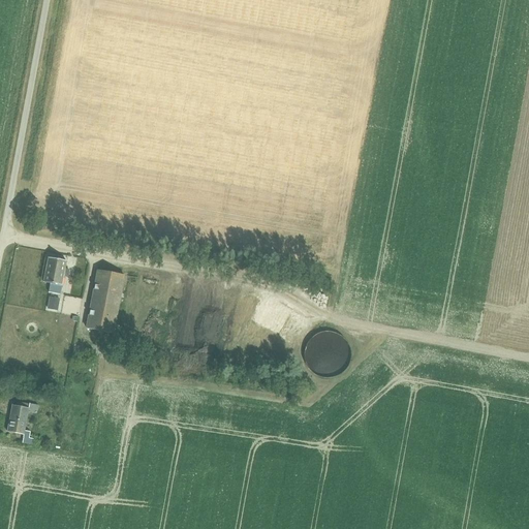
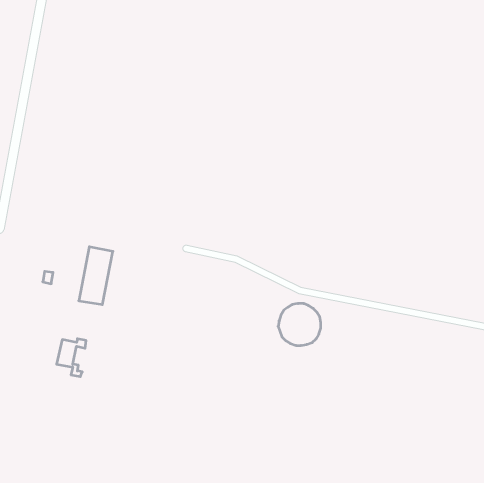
building: [42,255,68,293] -> none
building: [5,402,37,443] -> [57,339,86,377]

